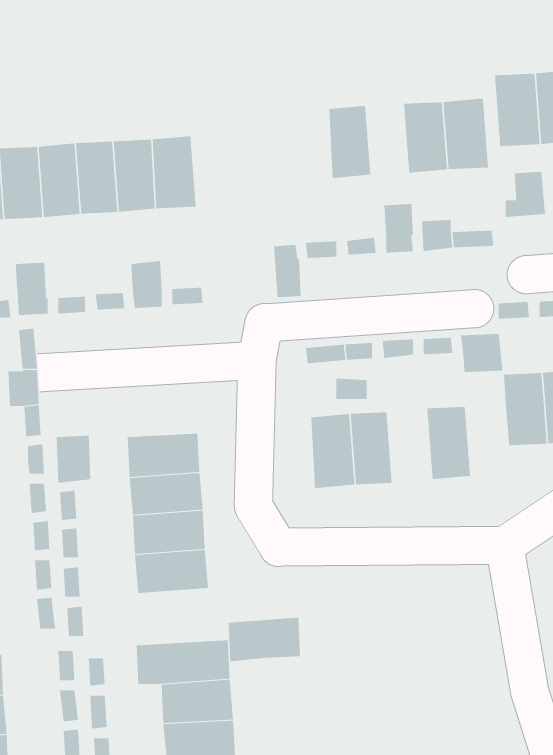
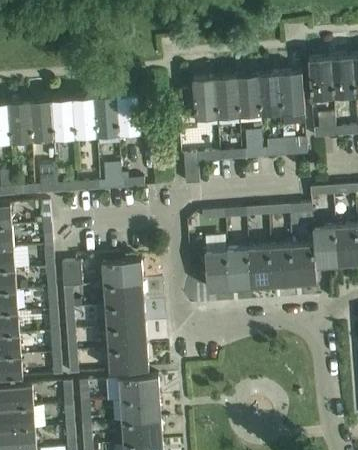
building: none -> [236,76,260,116]
building: none -> [179,79,217,120]
building: none -> [292,244,317,285]
building: none -> [248,247,273,289]
building: [228,617,301,662] -> [108,348,149,373]

